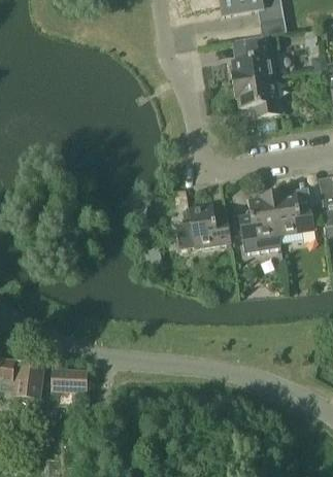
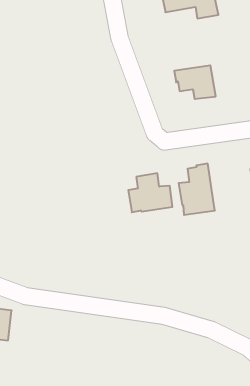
building: [231,42,275,84] -> none
building: [272,191,314,247] -> none
building: [52,369,88,390] -> none

